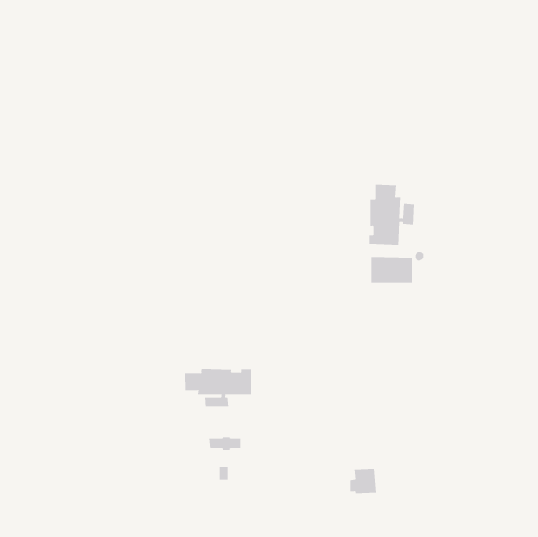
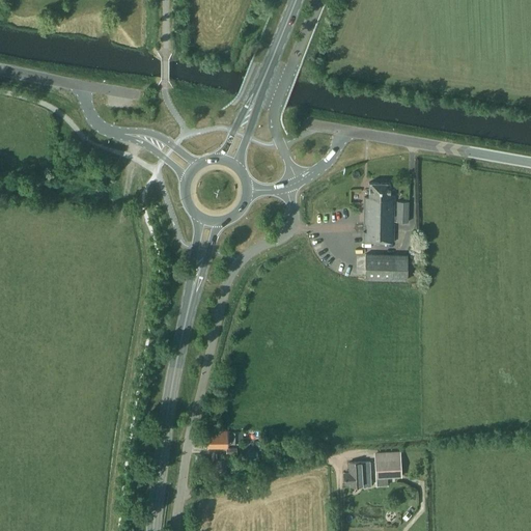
building: [185,368,251,407] -> none
building: none -> [374,452,402,479]

